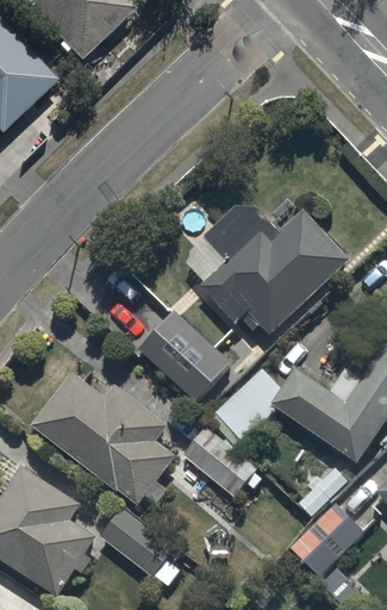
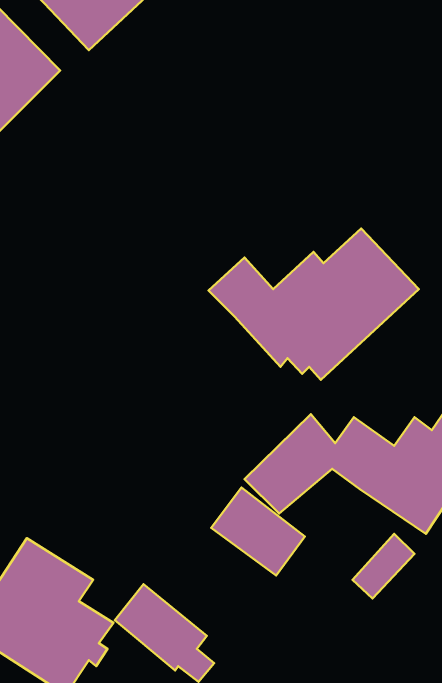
building: [139,311,231,400] -> none
building: [31,372,176,506] -> none
building: [293,504,362,572] -> none

